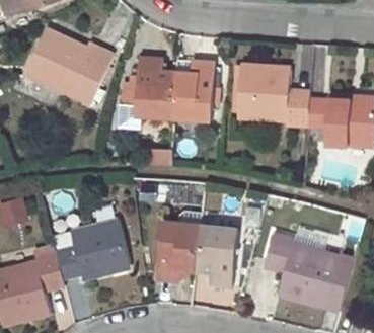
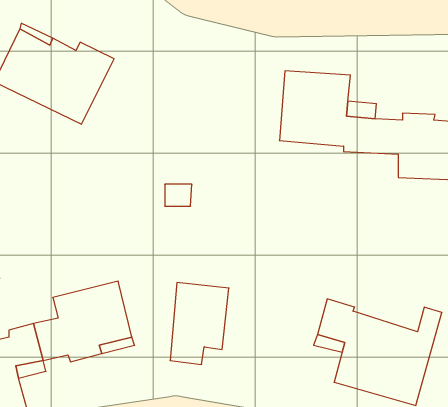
building: [135,60,214,119] -> none
building: [195,226,237,287] -> none

